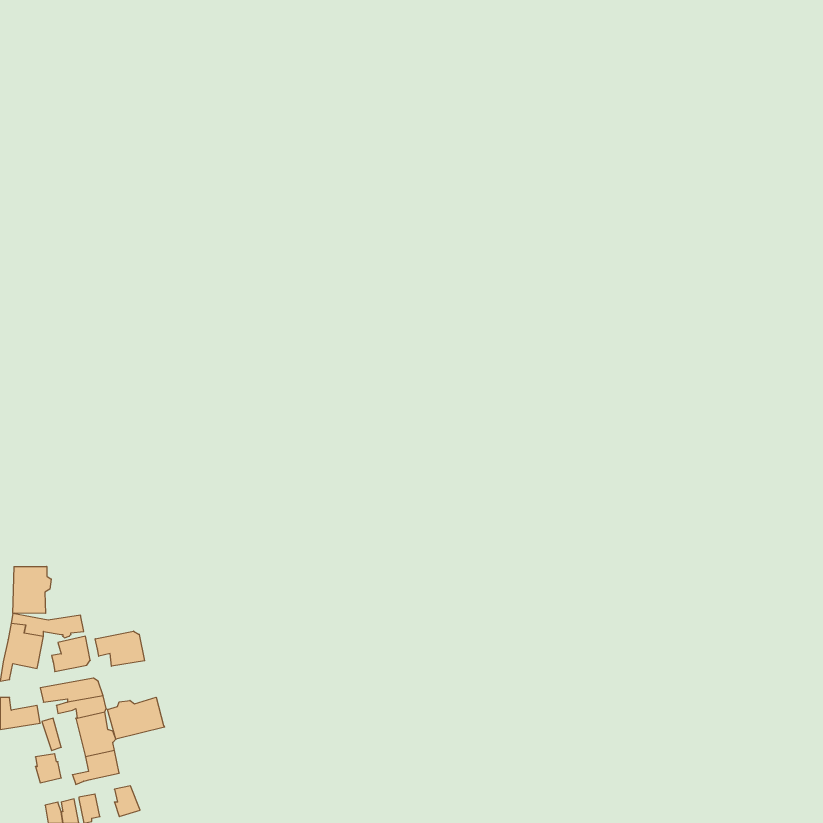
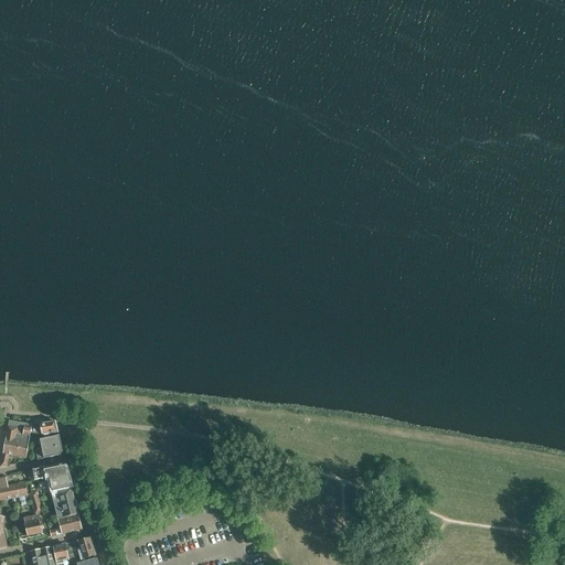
building: [13,566,51,614] -> none
building: [95,631,145,666] -> none
building: [107,697,165,739] -> none

